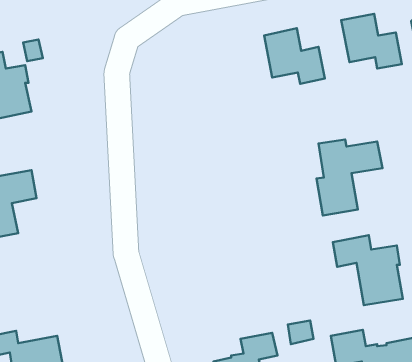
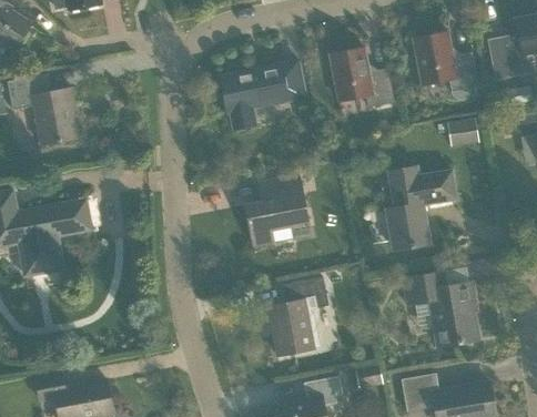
building: none -> [221,61,305,129]
building: none -> [446,114,479,144]
building: none -> [245,174,311,246]
building: none -> [265,277,328,356]

